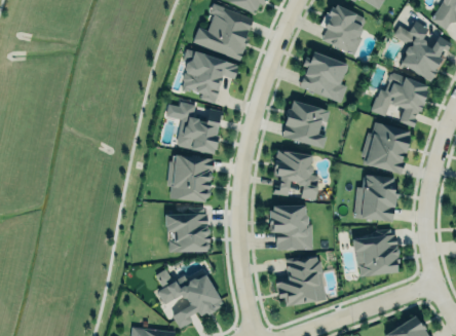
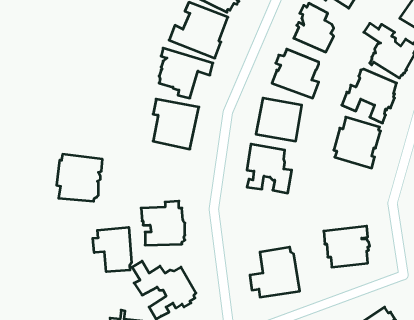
building: [166,154,214,202] -> [57,154,102,201]
building: [354,175,398,221] -> none
building: [269,206,312,250] -> none
building: none -> [93,227,131,272]

